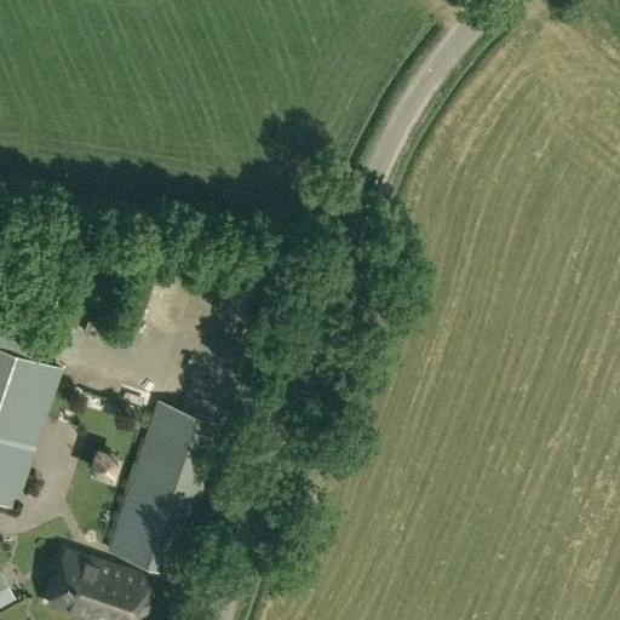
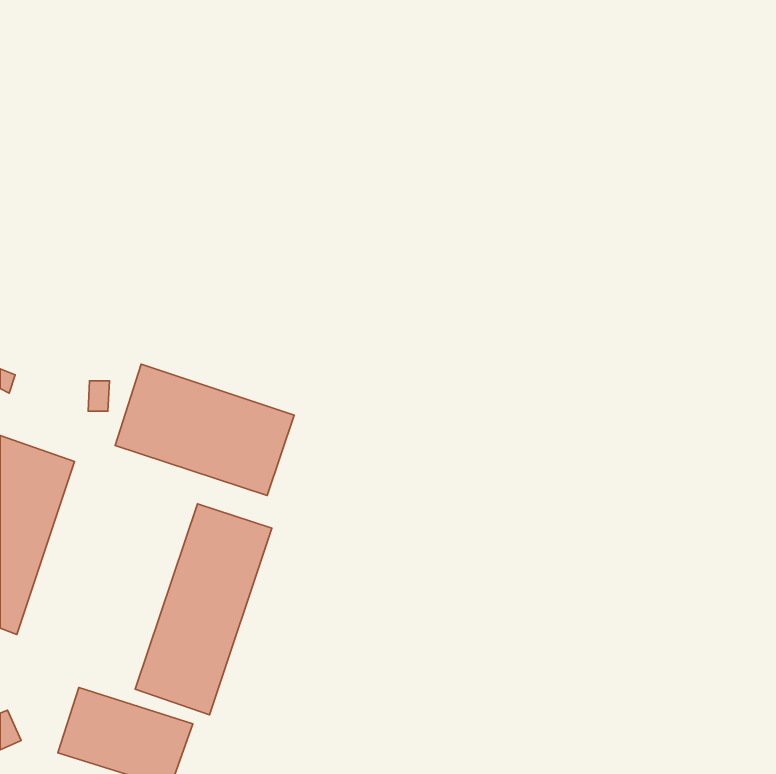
building: none -> [115,364,294,496]

